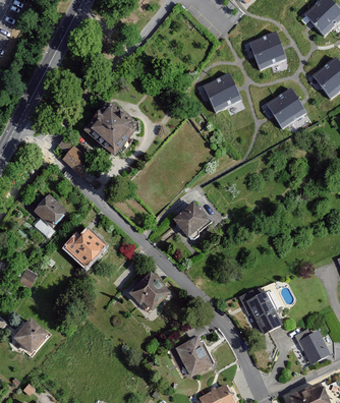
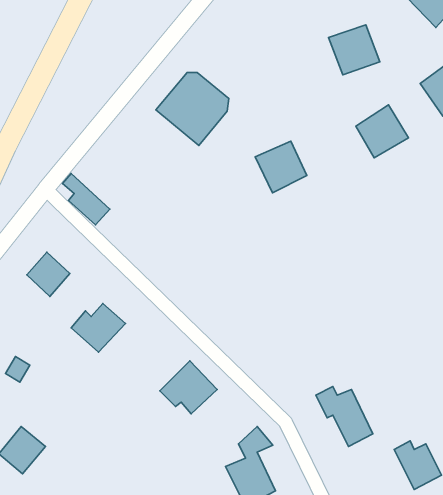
building: [205,74,241,111] -> [255,141,307,193]
building: [83,104,135,156] -> [156,73,229,146]
building: [174,203,208,236] -> none

